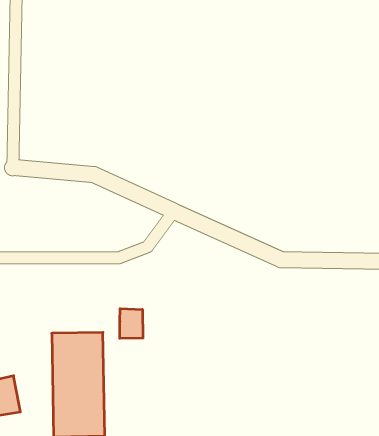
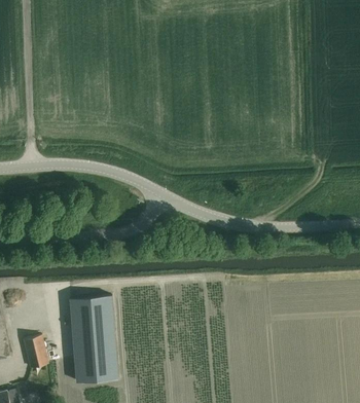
building: [120,309,143,338] -> none

